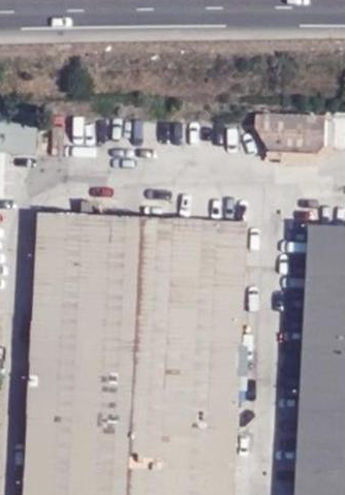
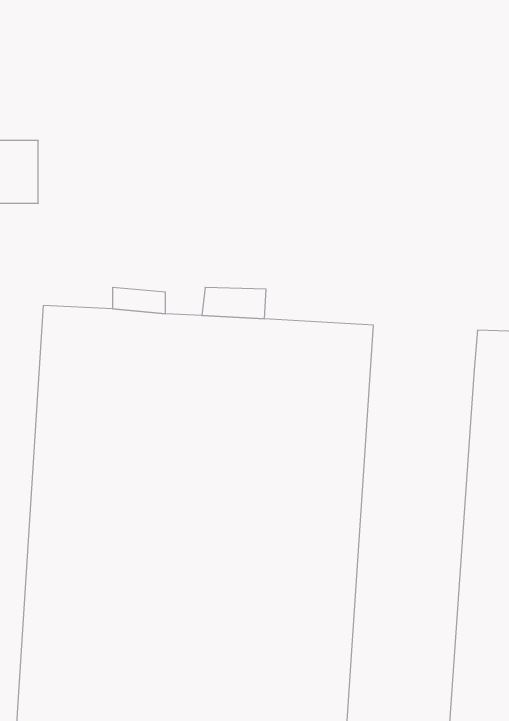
building: [255,116,317,157] -> none

